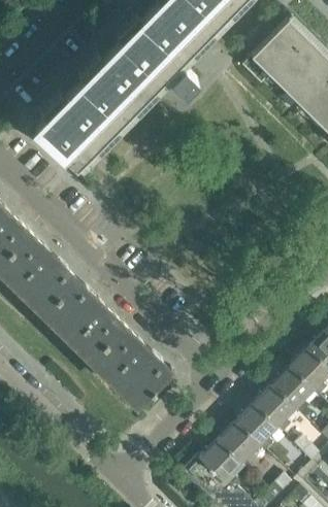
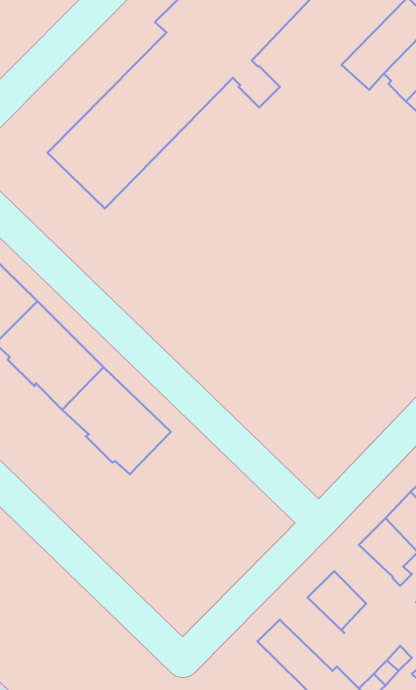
building: [93,325,171,403] -> none
building: [236,404,277,452] -> none
building: [200,441,243,483] -> none

